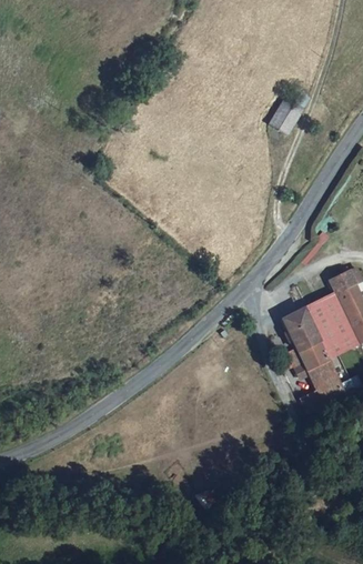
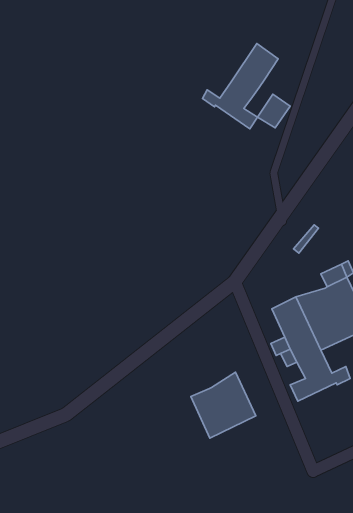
building: none -> [203,44,278,129]
building: none -> [191,372,256,438]

